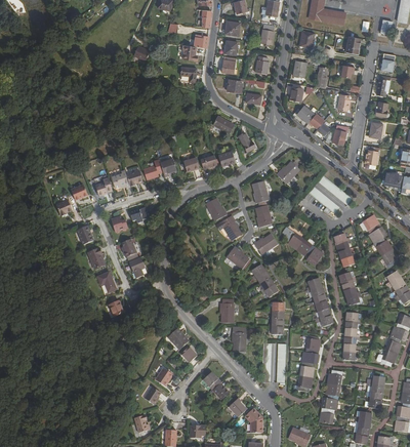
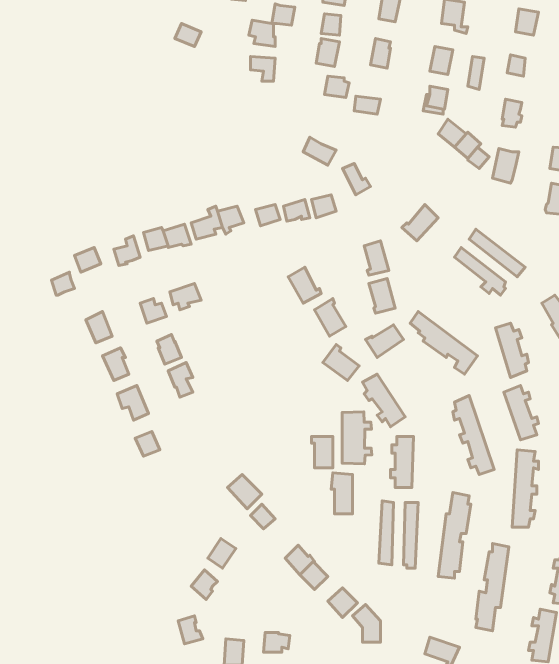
building: none -> [342,412,372,464]

